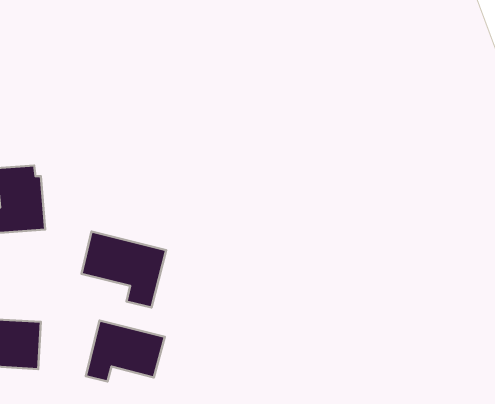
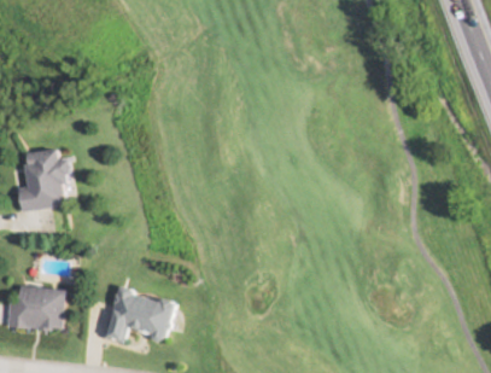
building: [82,232,166,308] -> none

